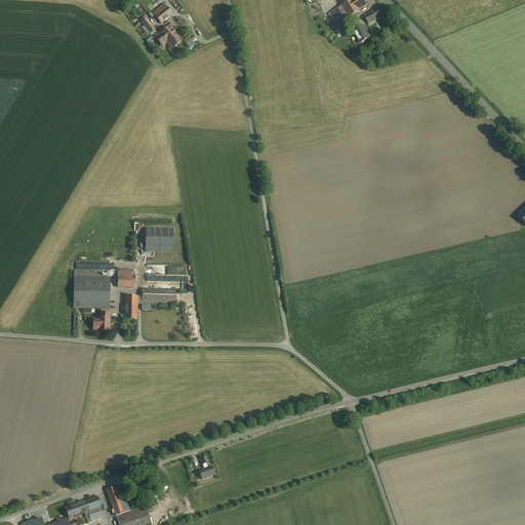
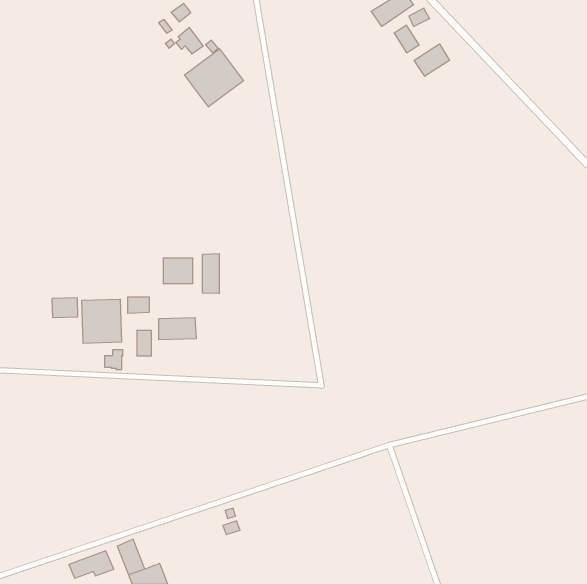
building: none -> [414,44,450,76]
building: none -> [185,49,244,107]
building: none -> [202,254,219,294]
building: none -> [52,298,78,318]

